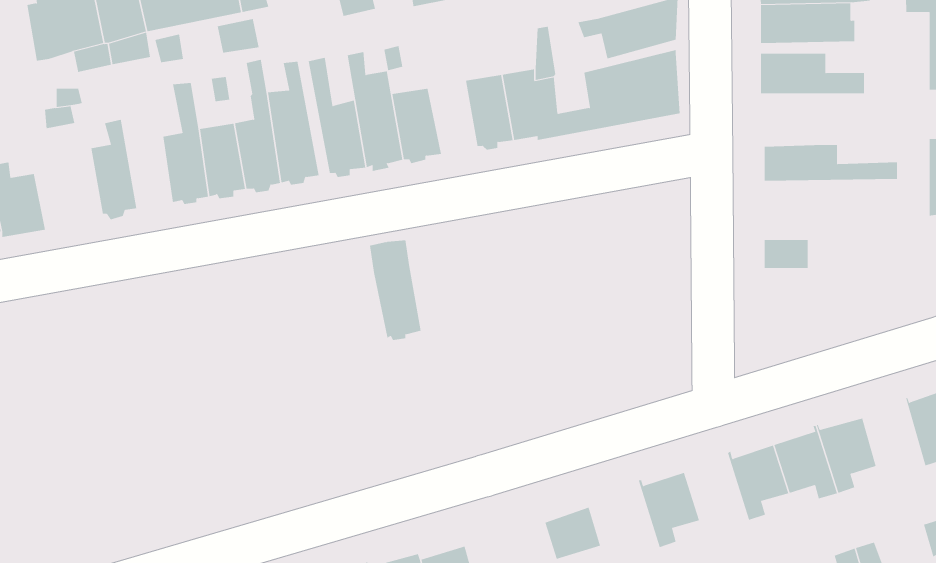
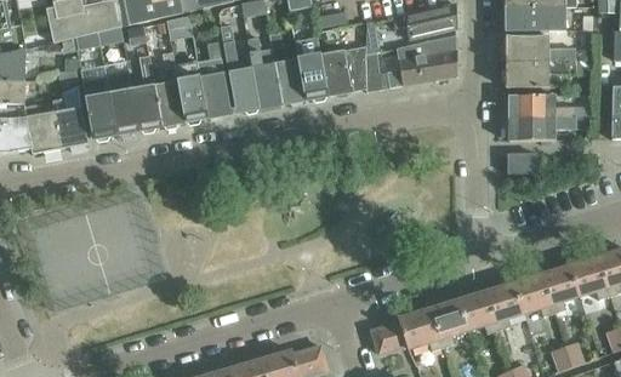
building: none -> [506,62,571,88]
building: none -> [107,74,138,136]
building: none -> [51,97,89,147]
building: none -> [508,115,592,139]
building: [369,240,422,340] -> [296,38,329,101]
building: none -> [570,252,609,298]
building: none -> [458,286,498,332]
building: none -> [398,303,443,349]

